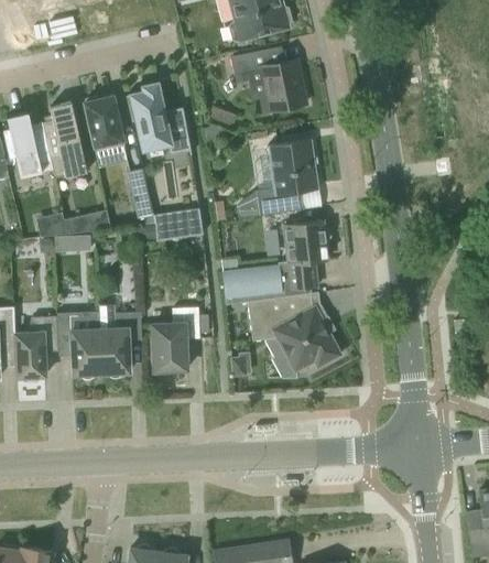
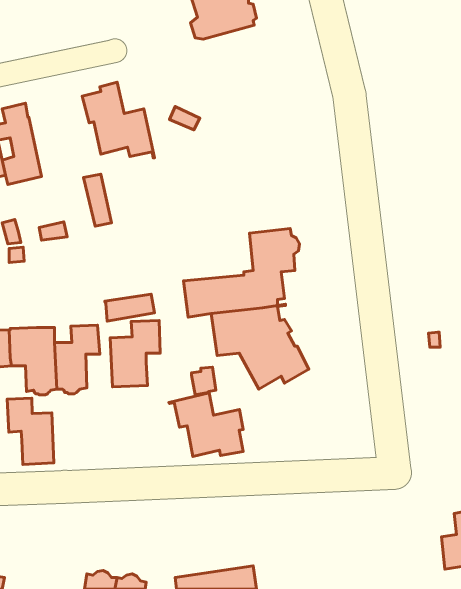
building: [230,50,305,112] -> none
building: [84,95,124,152] -> none
building: [257,139,319,216] -> none
building: [155,215,203,240] -> [105,294,155,321]
building: none -> [169,393,243,457]
building: none -> [7,398,54,464]

